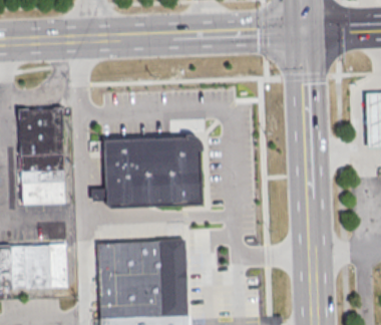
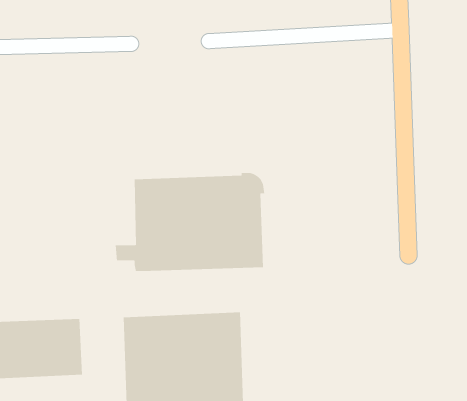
building: [18,107,66,203] -> none

